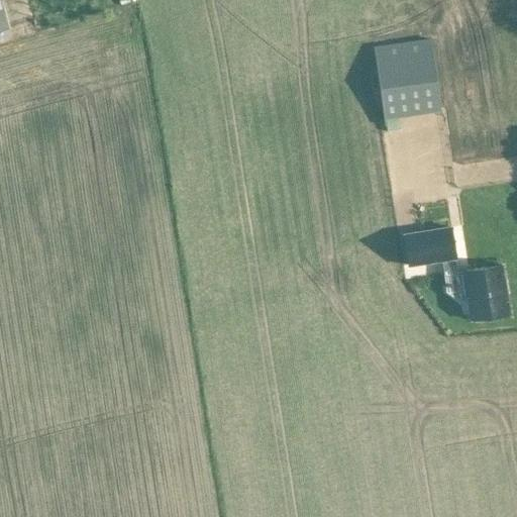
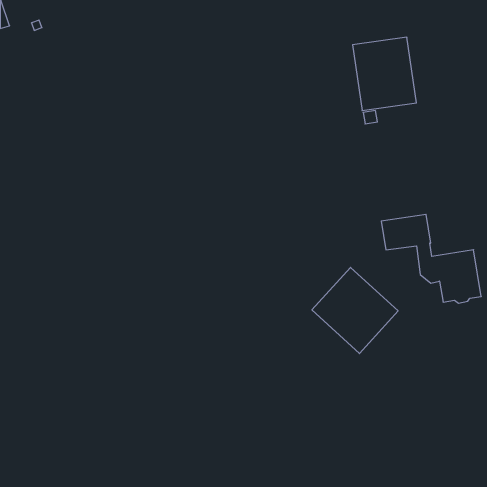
building: none -> [312,267,398,354]

